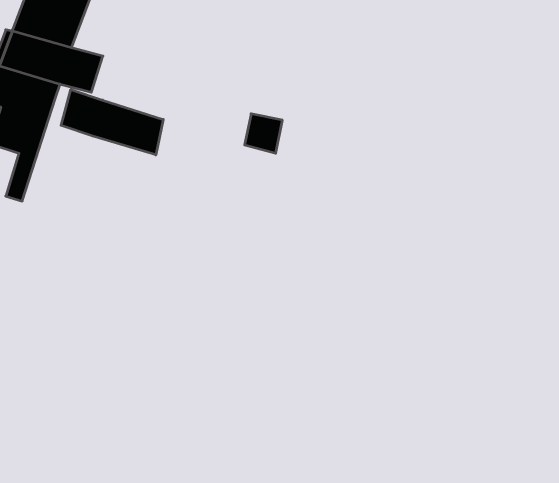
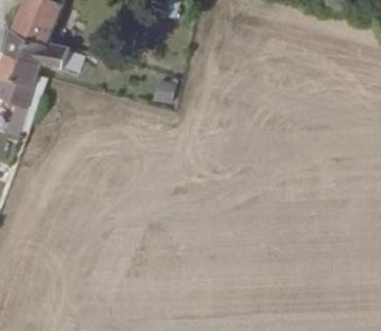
building: [61,90,163,155] -> none

